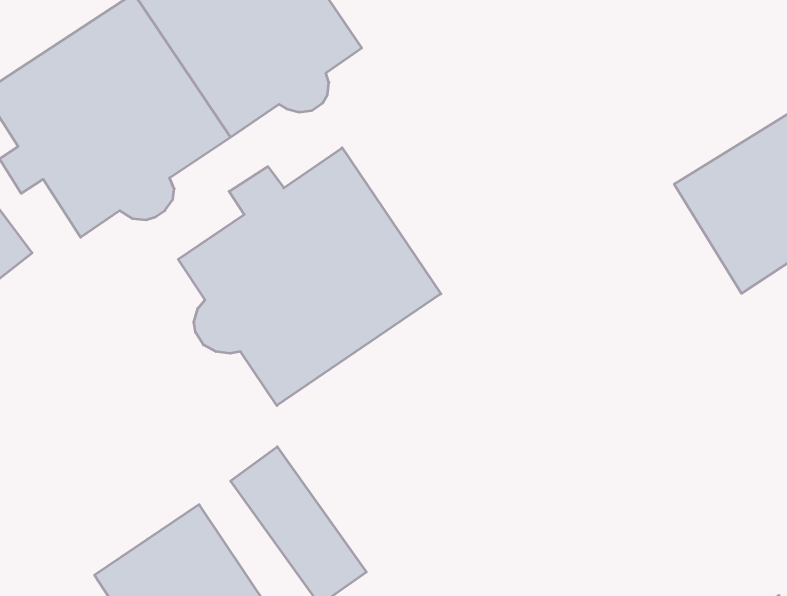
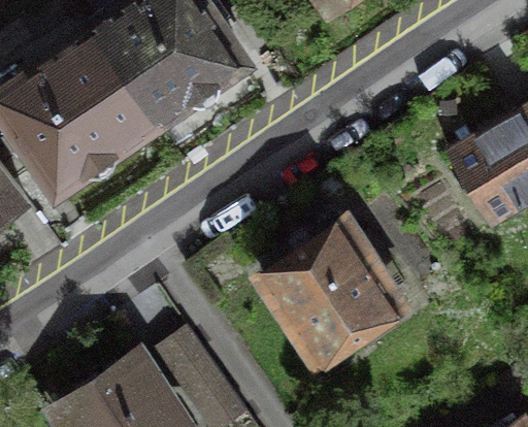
building: [178,148,441,406] -> none
building: none -> [260,224,397,367]

